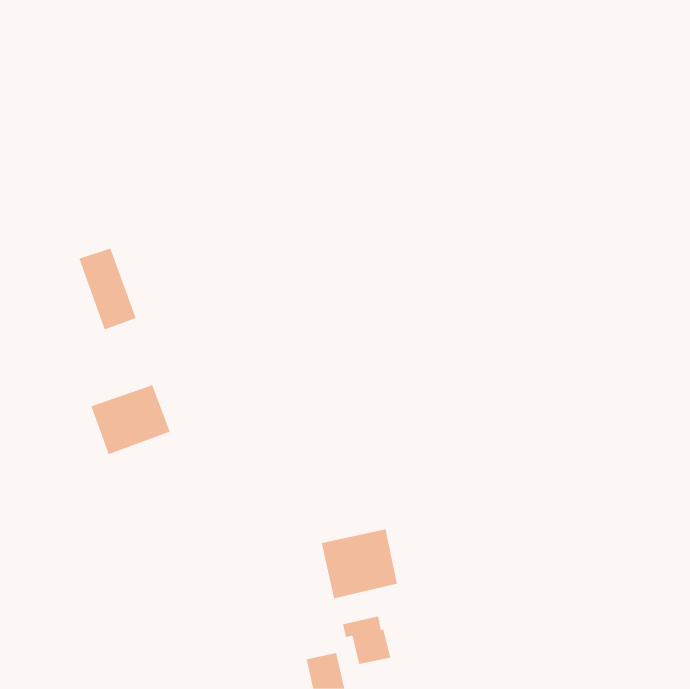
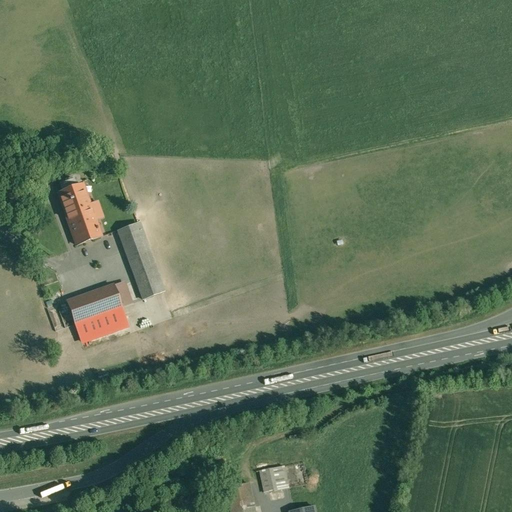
building: none -> [119,222,164,298]
building: [321,529,398,599] -> none

